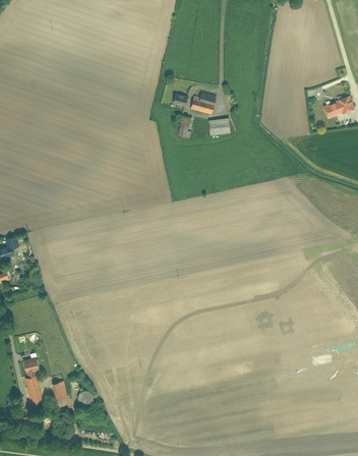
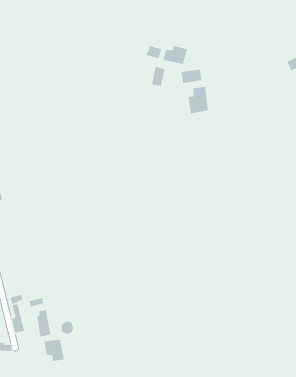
building: none -> [188,86,209,114]
building: none -> [43,339,65,362]

